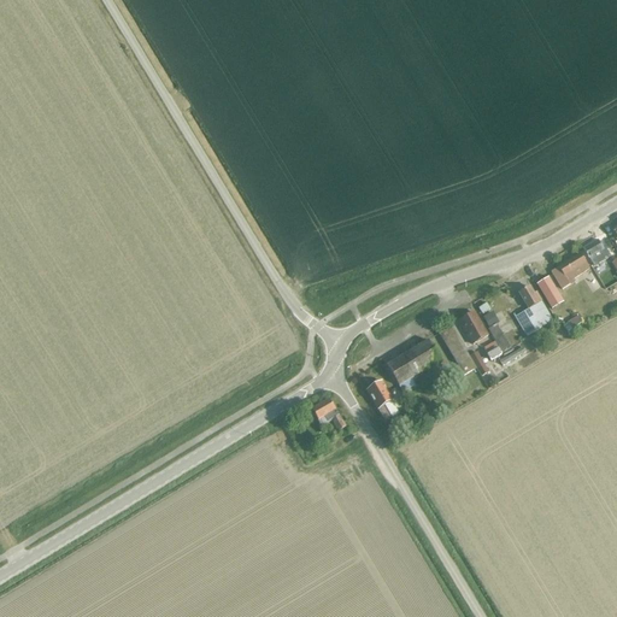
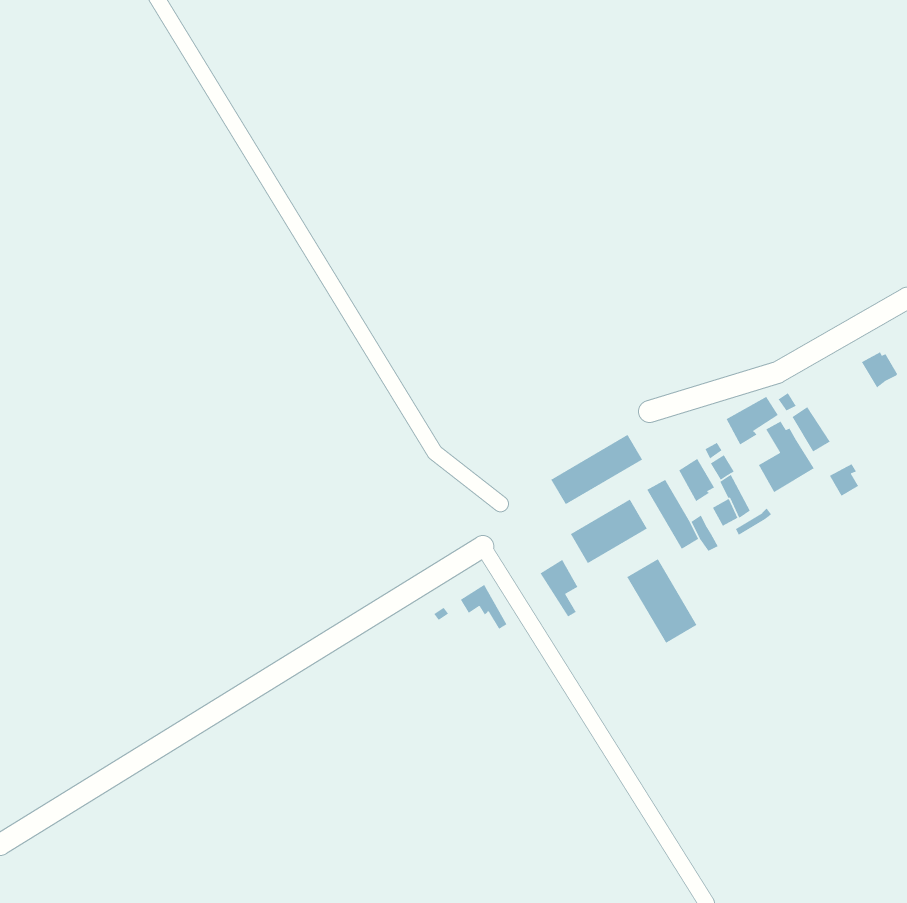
building: [552,253,588,287] -> [726,396,779,445]
building: none -> [550,434,643,505]
building: none -> [626,558,698,644]

